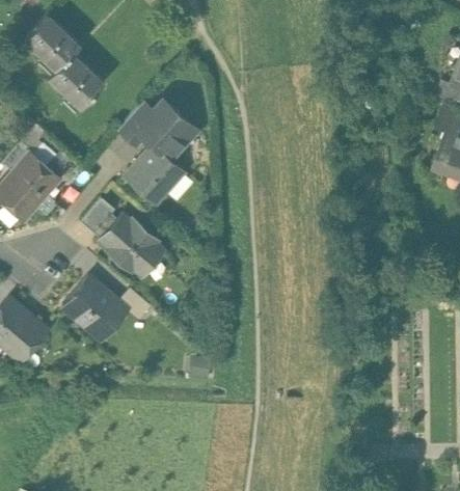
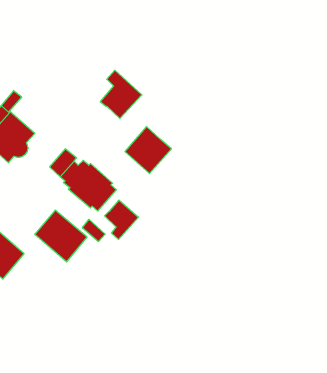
building: [24,17,104,110] -> none
building: [118,103,161,147] -> none
building: [125,145,184,204] -> [125,127,171,174]
building: none -> [105,200,139,239]

